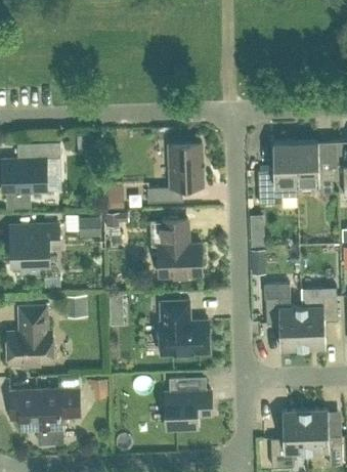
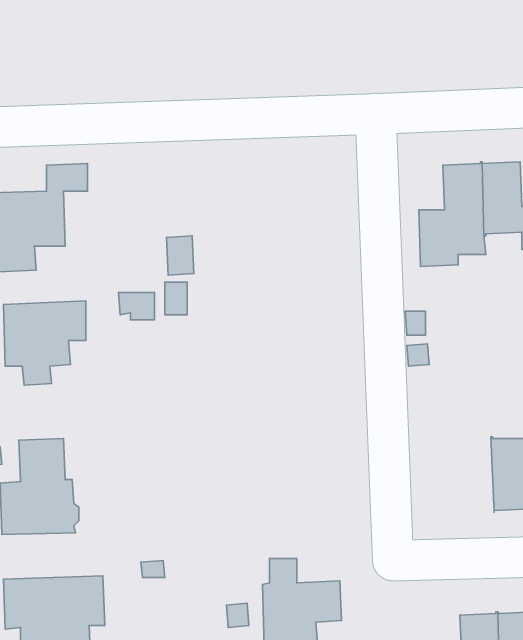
building: [147,143,203,203] -> none
building: [158,220,203,276] -> none
building: [264,284,303,350] -> none
building: [159,300,210,354] -> none

